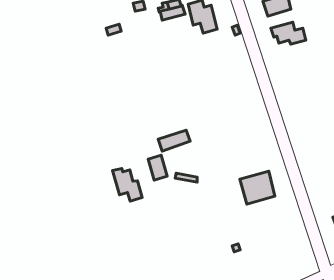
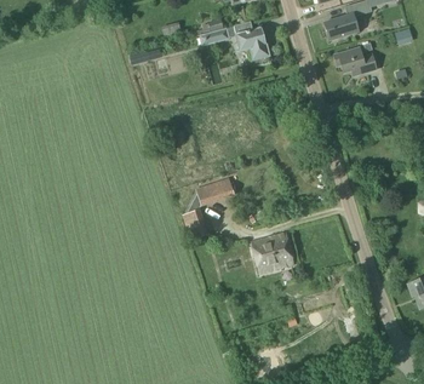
building: [112,168,142,201] -> none
building: [240,171,275,204] -> [252,231,294,271]

